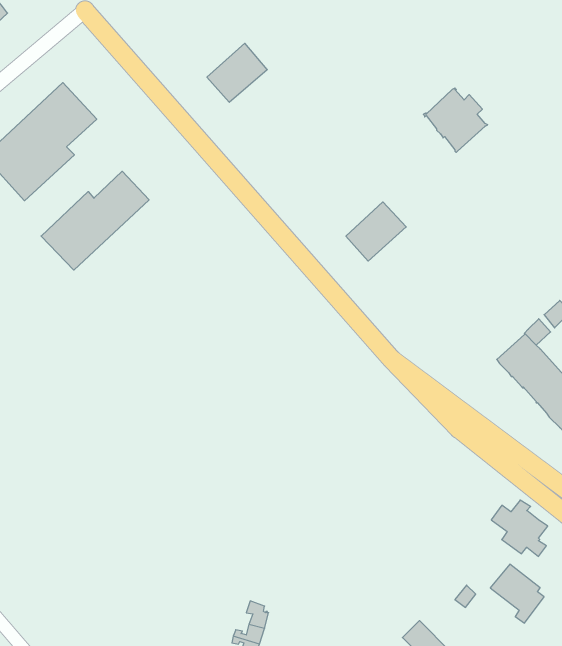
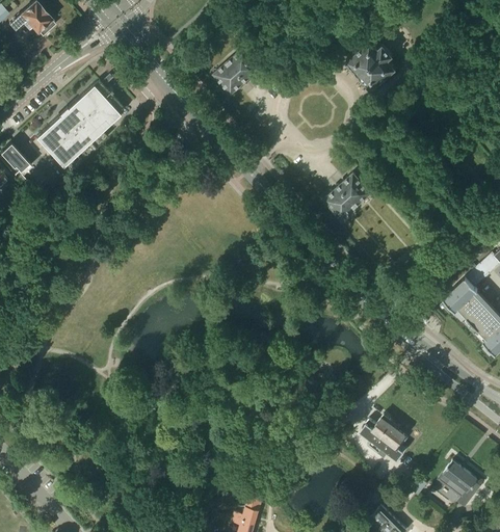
building: [423,88,488,152] -> [345,41,396,91]
building: [41,171,149,270] -> none
building: [491,500,548,556] -> [360,415,404,459]

